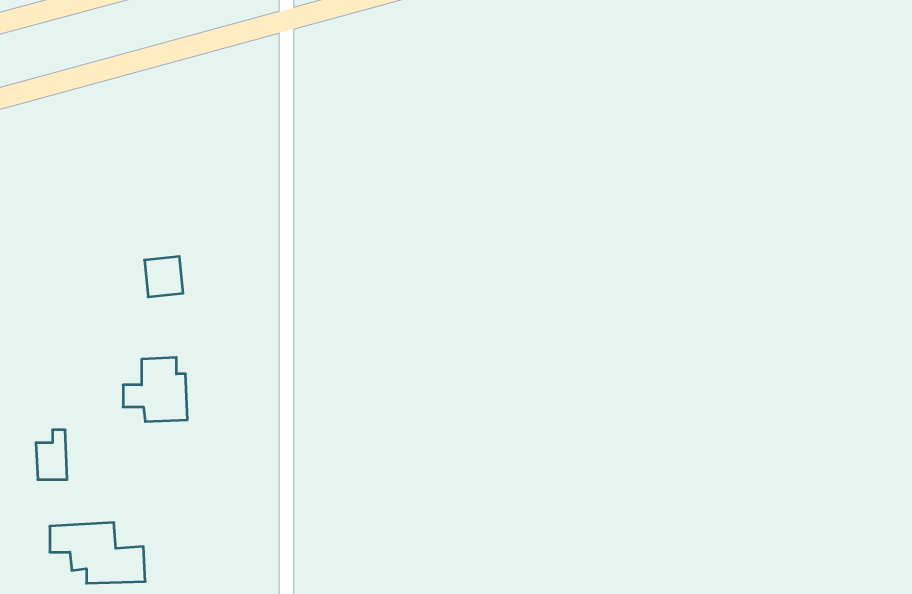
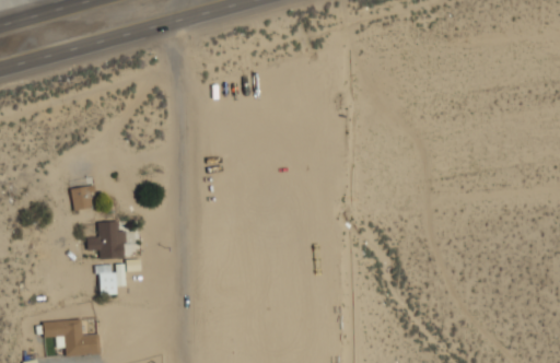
building: [144,256,183,297] -> [71,186,94,210]
building: [36,430,67,480] -> [100,265,118,294]

